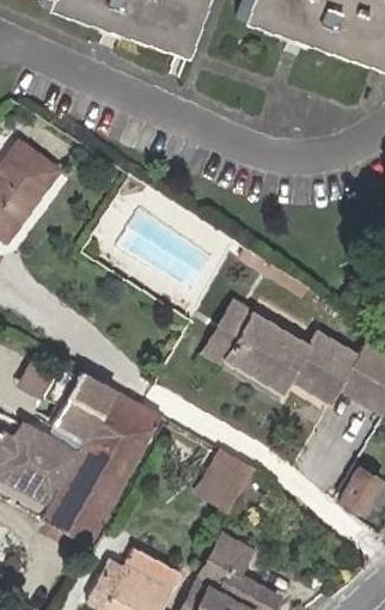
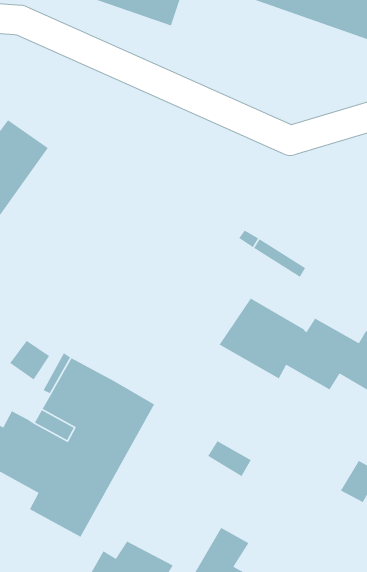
building: [203,301,282,398] -> none
building: [198,466,246,511] -> none

